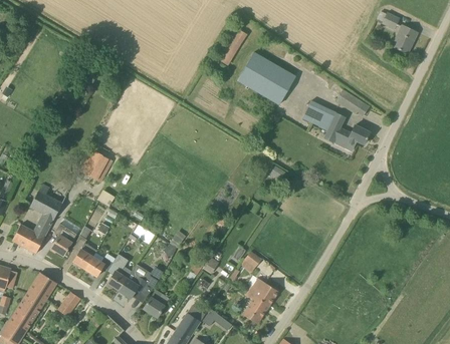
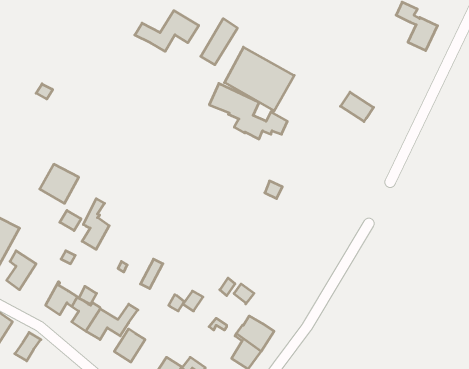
building: none -> [135,11,199,51]
building: [302,101,369,148] -> [209,83,287,139]
building: [72,227,95,270] -> [82,199,109,249]

